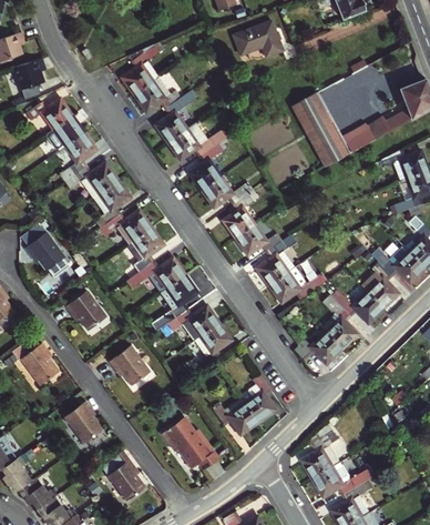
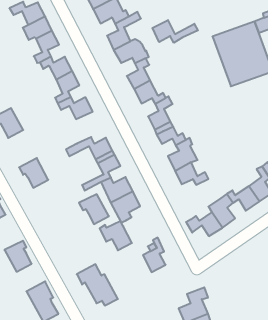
building: none -> [152,20,198,43]
building: [132,225,164,270] -> none
building: [111,351,152,390] -> [79,194,109,224]
building: [215,394,259,432] -> [100,221,132,250]

